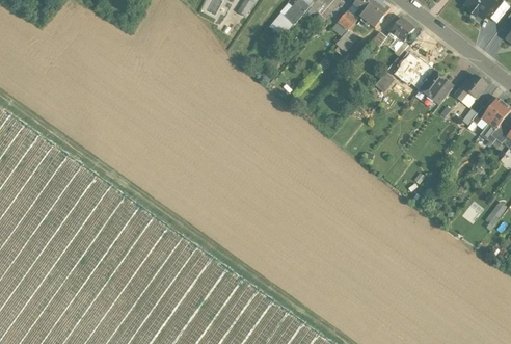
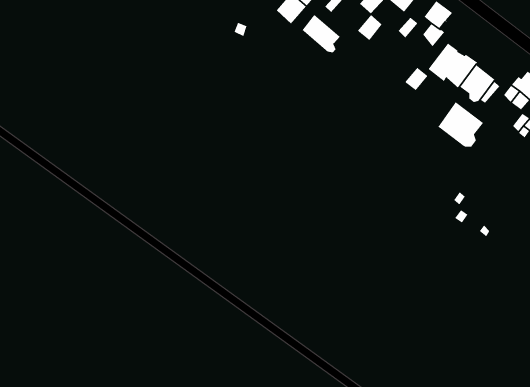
building: none -> [301,14,342,53]
building: none -> [437,101,486,148]

